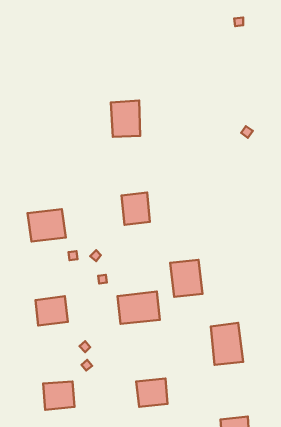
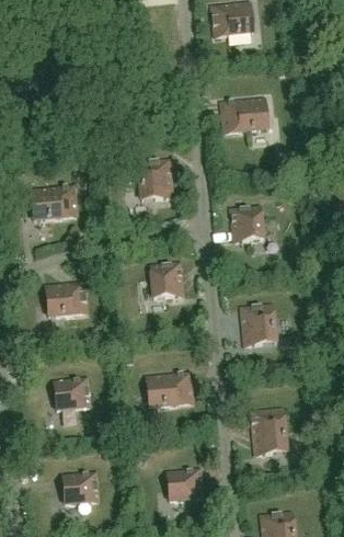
building: none -> [220,96,266,132]
building: none -> [30,185,77,221]
building: none -> [230,206,262,241]
building: [170,260,203,297] -> [240,304,276,345]

